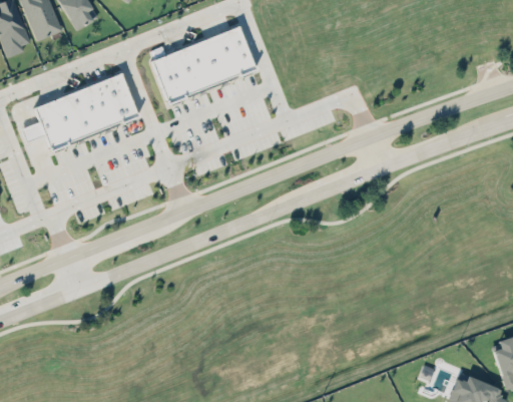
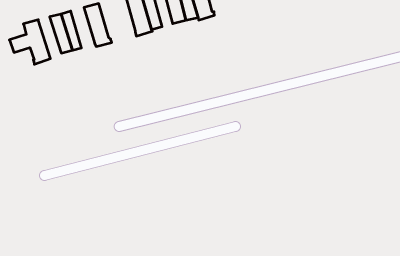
building: [87,83,120,131] -> none

